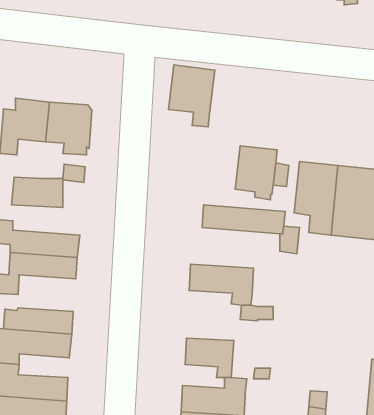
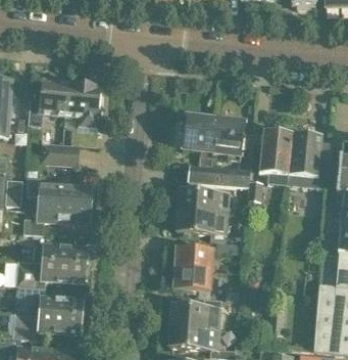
building: [169,65,215,127] -> [182,114,217,162]
building: none -> [179,188,229,213]
building: none -> [176,245,213,269]

